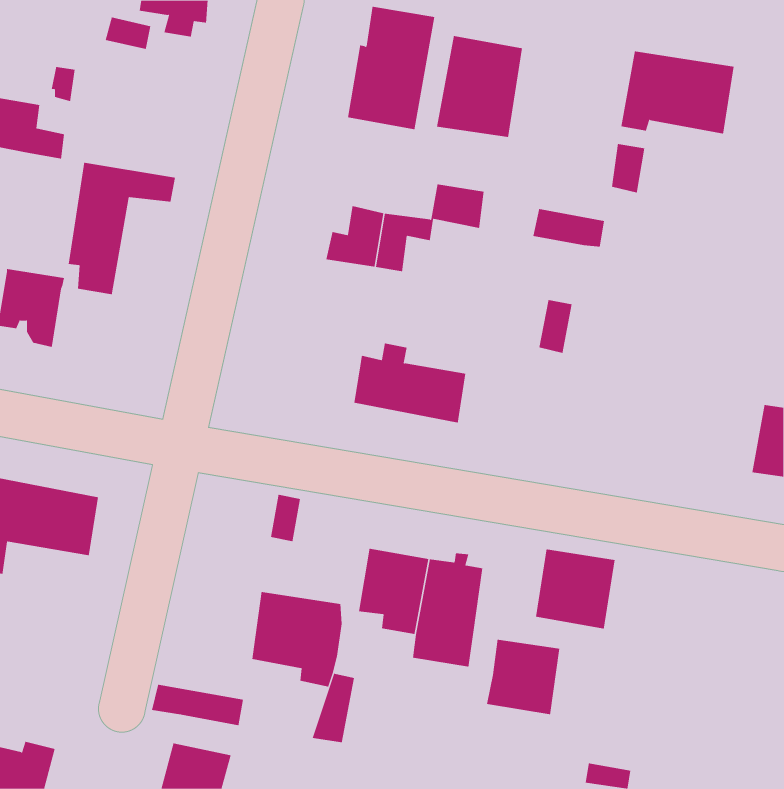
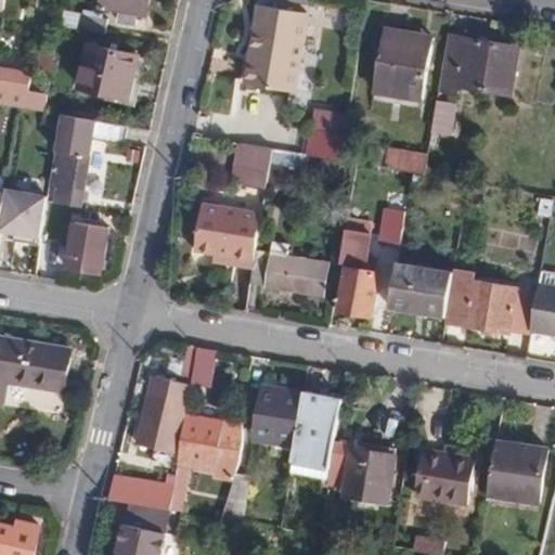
building: [436,36,523,138] -> [370,28,430,100]
building: none -> [77,43,138,100]
building: none -> [193,201,260,257]
building: none -> [335,218,378,318]
building: none -> [65,221,108,273]
building: none -> [388,263,450,318]
building: none -> [462,280,533,332]
building: none -> [134,375,189,454]
building: [535,549,615,629] -> [415,449,472,505]
building: none -> [486,440,545,503]

